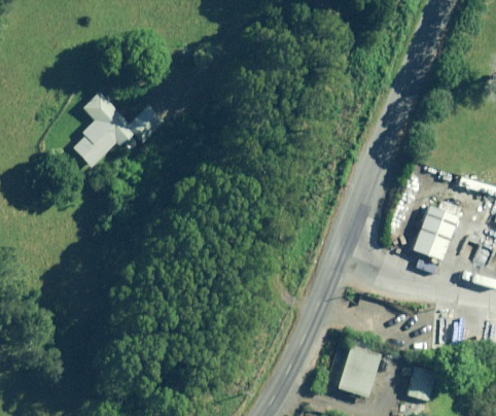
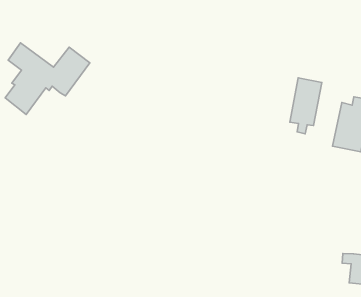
building: none -> [290,78,322,134]
building: [336,344,380,397] -> none

